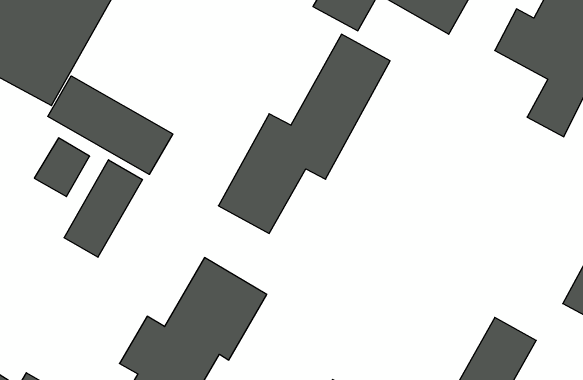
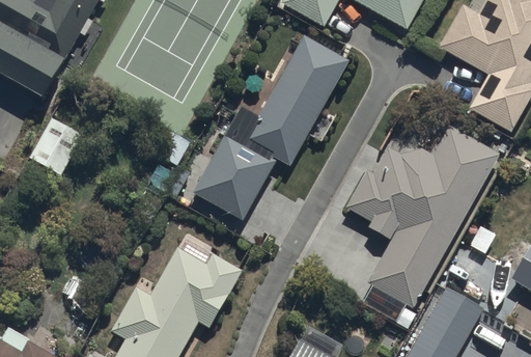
building: [48,76,173,174] -> none
building: none -> [351,131,488,303]
building: [64,160,142,257] -> none

